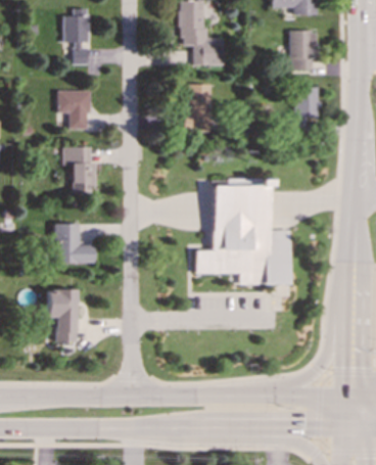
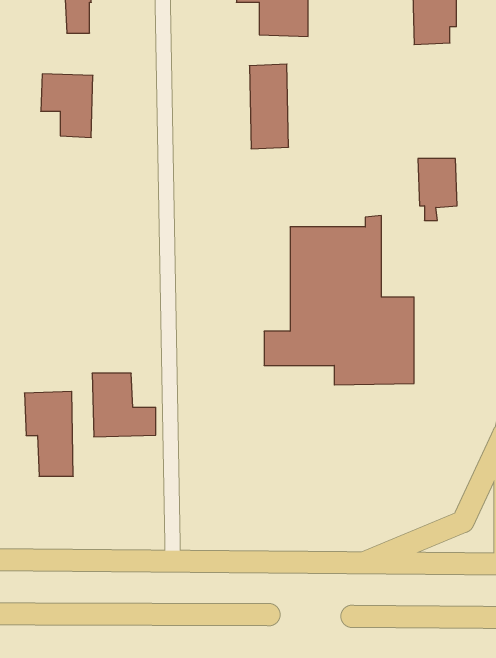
building: [295,88,320,127] -> [418,159,457,220]
building: [63,147,95,194] -> none
building: [55,224,95,264] -> [92,373,156,437]

